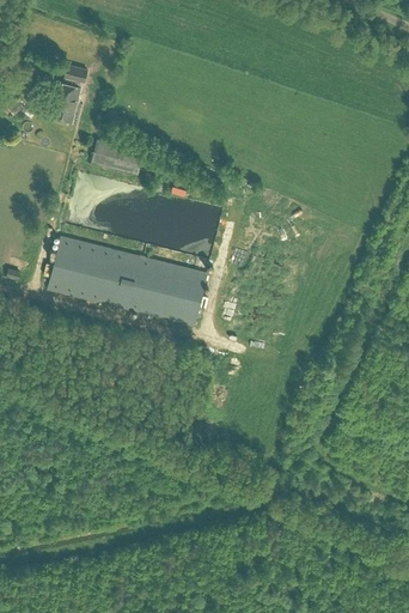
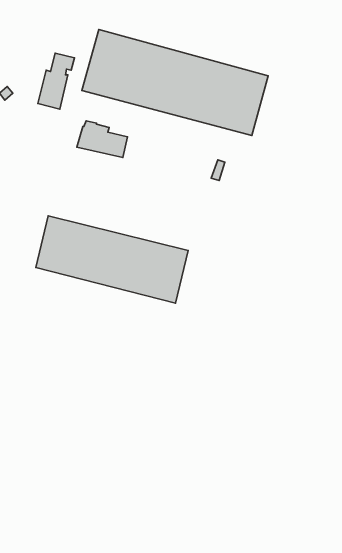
building: none -> [82,30,268,136]

